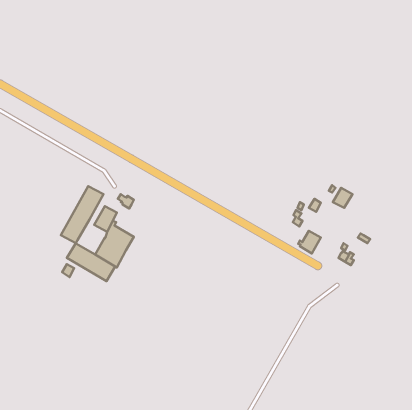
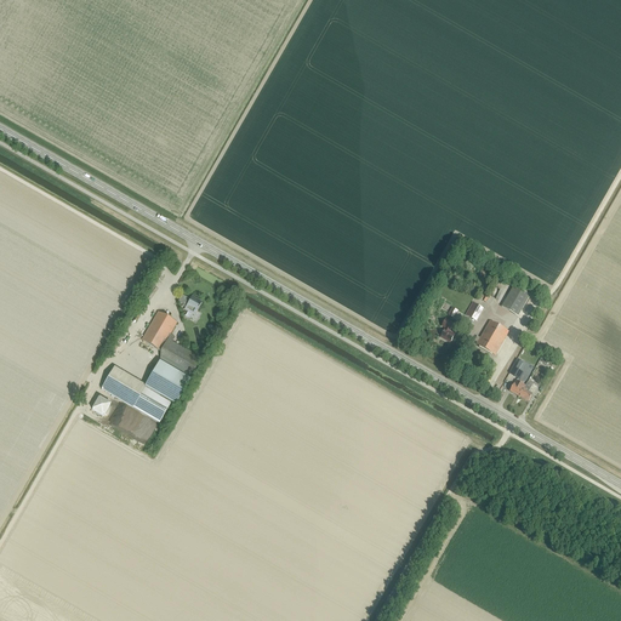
building: [61,186,103,243] -> none
building: [298,231,321,254] -> [474,319,508,353]

